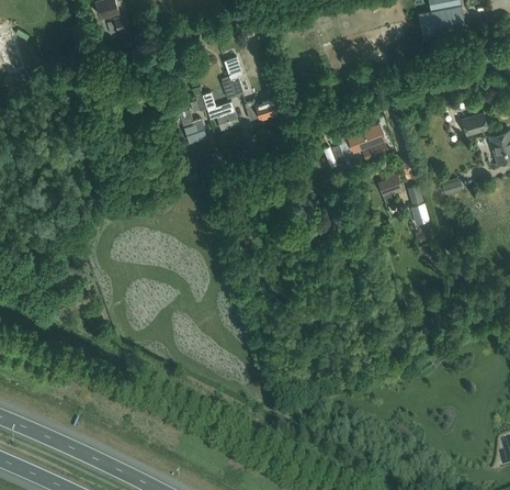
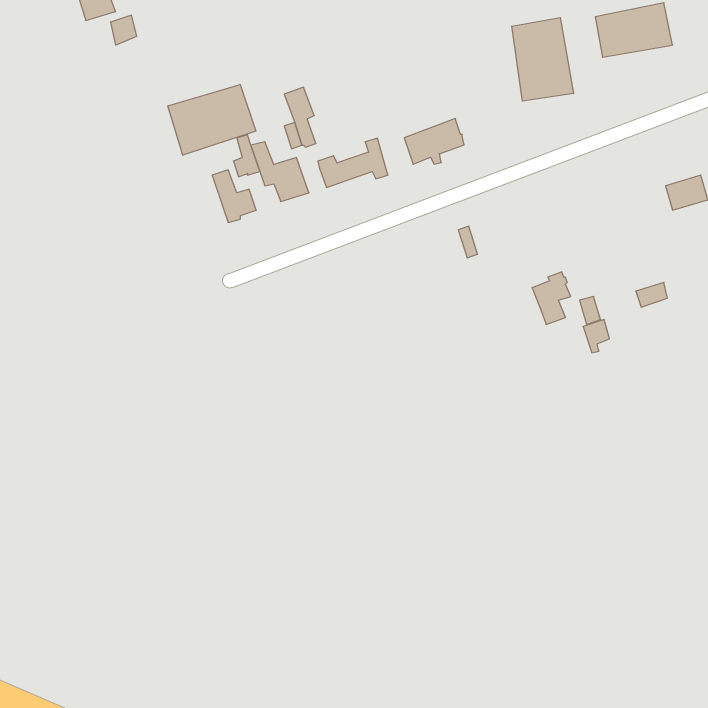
building: none -> [512,18,574,101]
building: none -> [168,84,256,155]
building: [348,124,385,153] -> [404,119,464,164]

